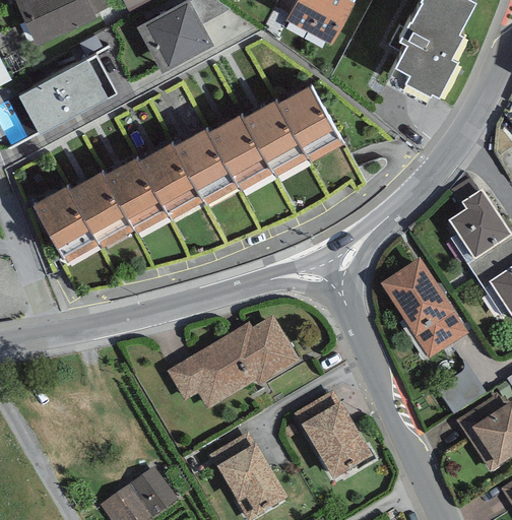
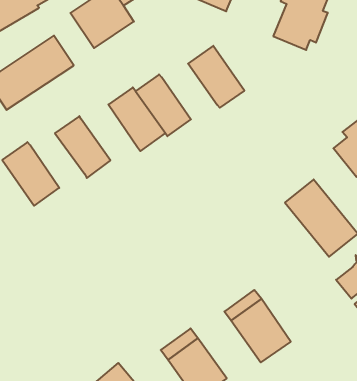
building: [243,98,309,175] -> none
building: [137,140,204,218] -> none
building: [70,168,135,246] -> none
building: [168,317,301,411] -> none

